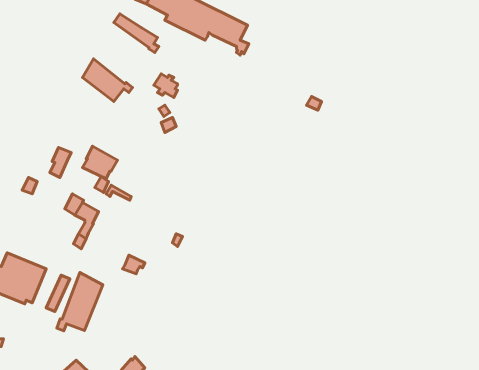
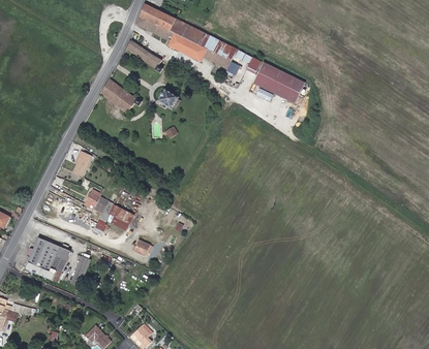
building: none -> [252,62,304,104]
building: [82,146,117,179] -> [105,203,134,230]
building: [57,273,103,331] -> none

